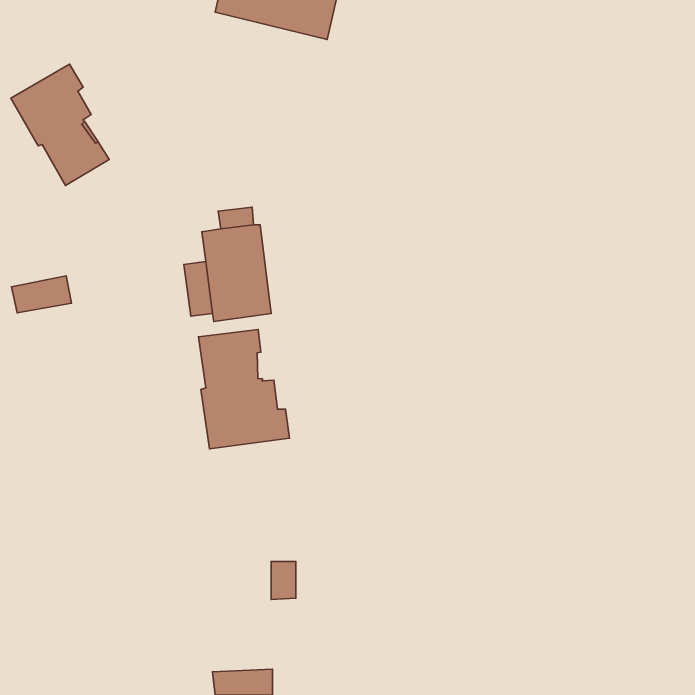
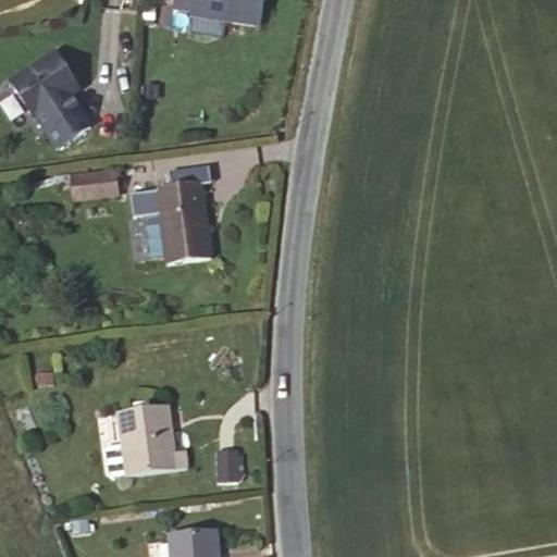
building: [12,276,72,313] -> [73,169,121,198]
building: [198,329,289,449] -> none
building: none -> [113,400,187,481]

